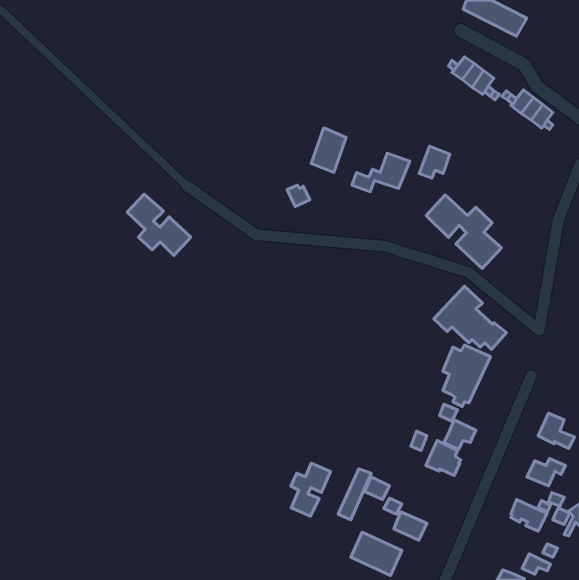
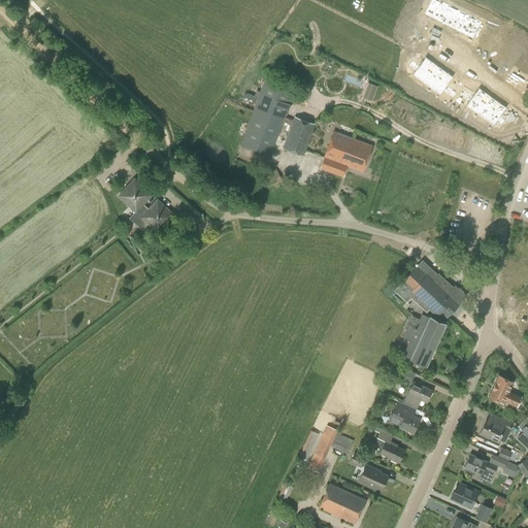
building: none -> [241,79,296,156]
building: [419,146,450,178] -> [325,132,353,161]
building: [426,195,501,268] -> none
building: [291,463,331,516] -> none
building: none -> [374,426,405,463]
building: none -> [451,482,480,508]

